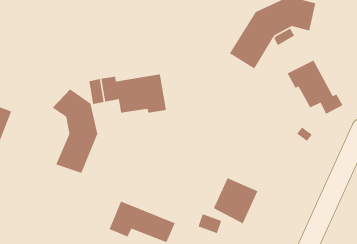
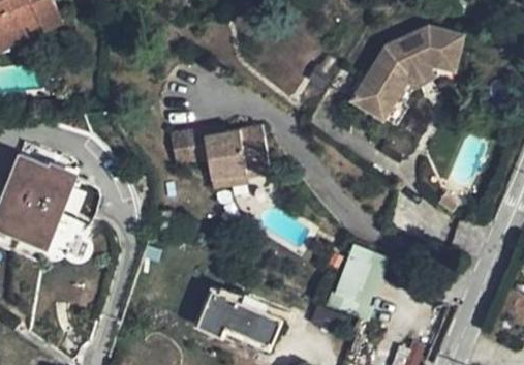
building: [287,60,344,115] -> none
building: [52,88,98,174] -> none

